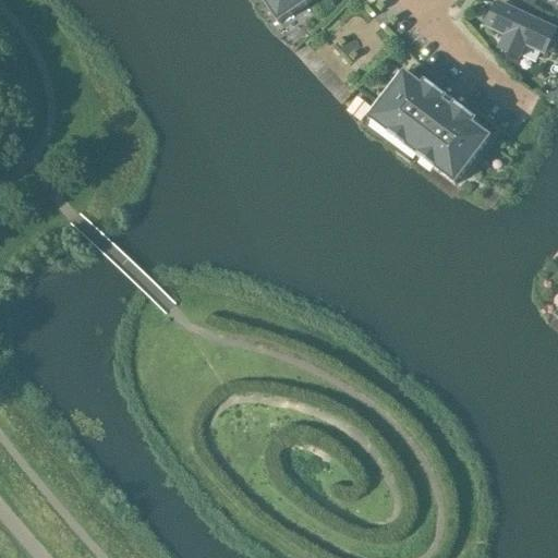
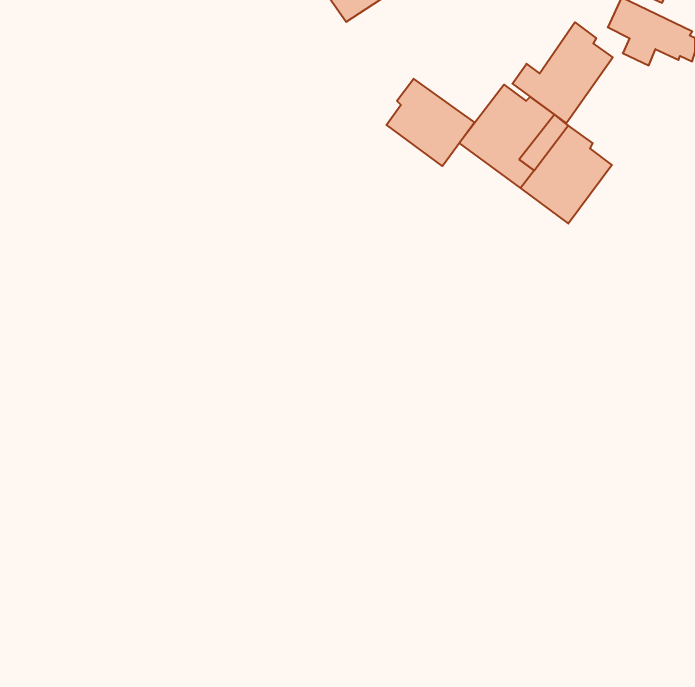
building: none -> [512,22,613,123]
building: none -> [386,79,474,166]

